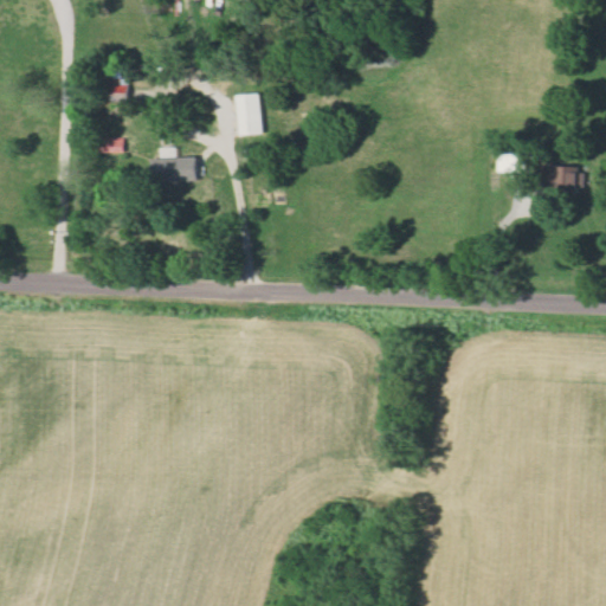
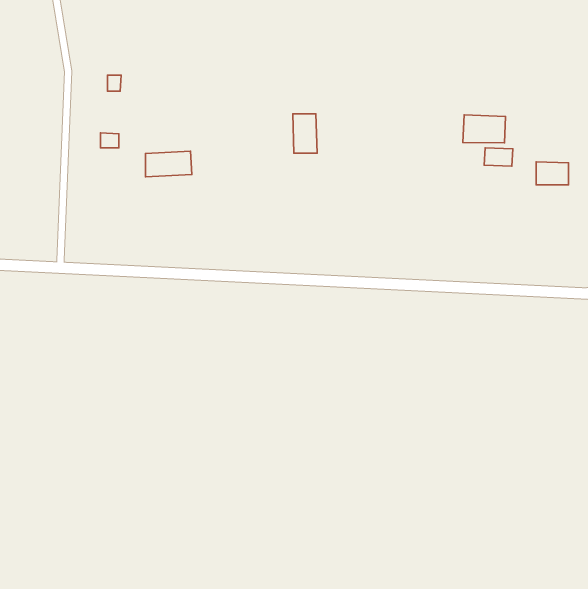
building: [237,95,262,135] -> [293,114,317,153]
building: none -> [463,115,506,143]

